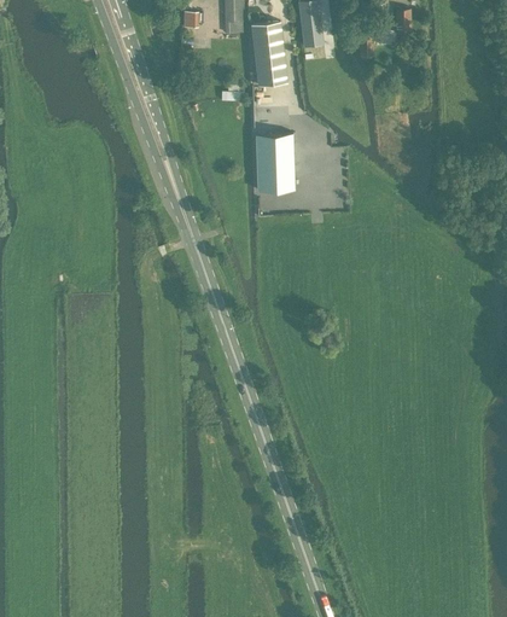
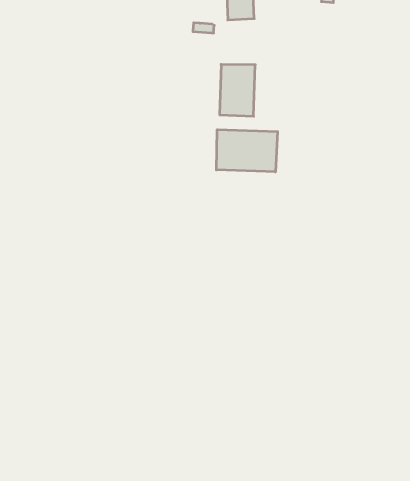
building: none -> [216,130,278,172]

